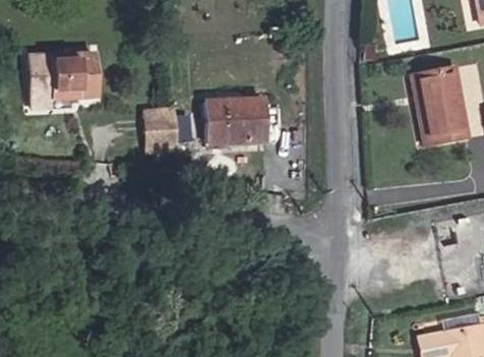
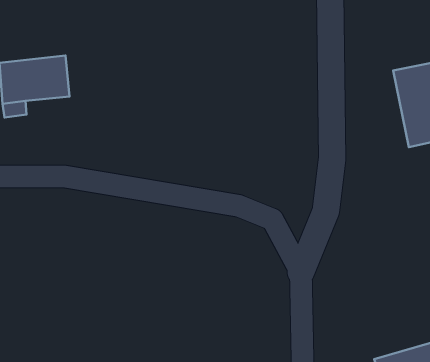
building: [214,98,262,142] -> none
building: [146,109,179,151] -> none

